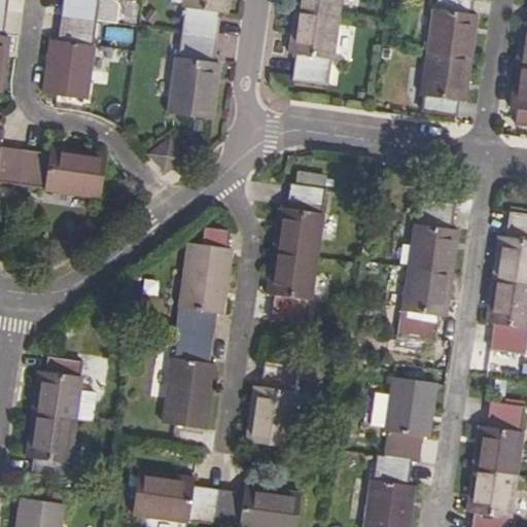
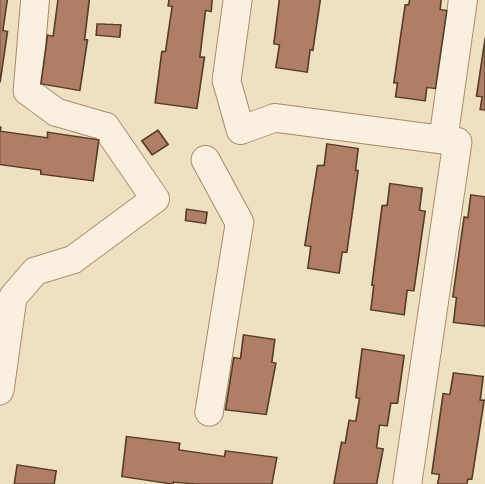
building: [268,184,325,324] -> [305,144,358,273]
building: [162,245,230,430] -> none
building: [25,358,81,479] -> none

